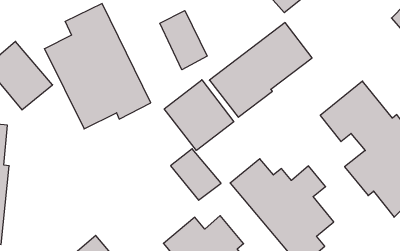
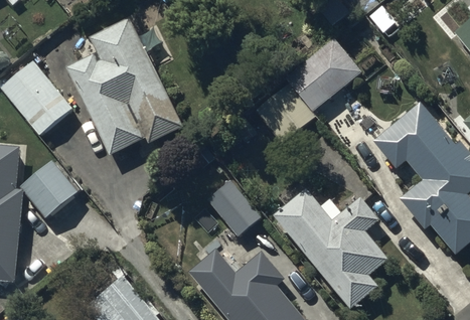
building: [160,11,207,70] -> none
building: [164,80,234,150] -> none
building: none -> [26,161,84,218]

